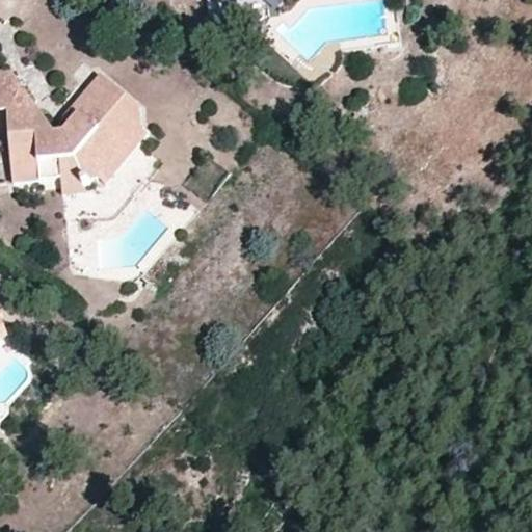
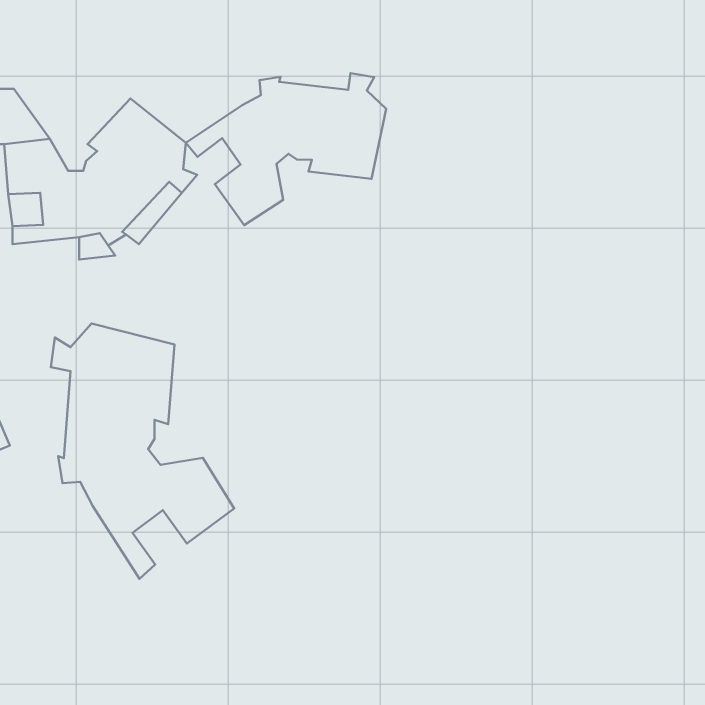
building: none -> [186,73,386,225]
building: none -> [51,324,234,579]

